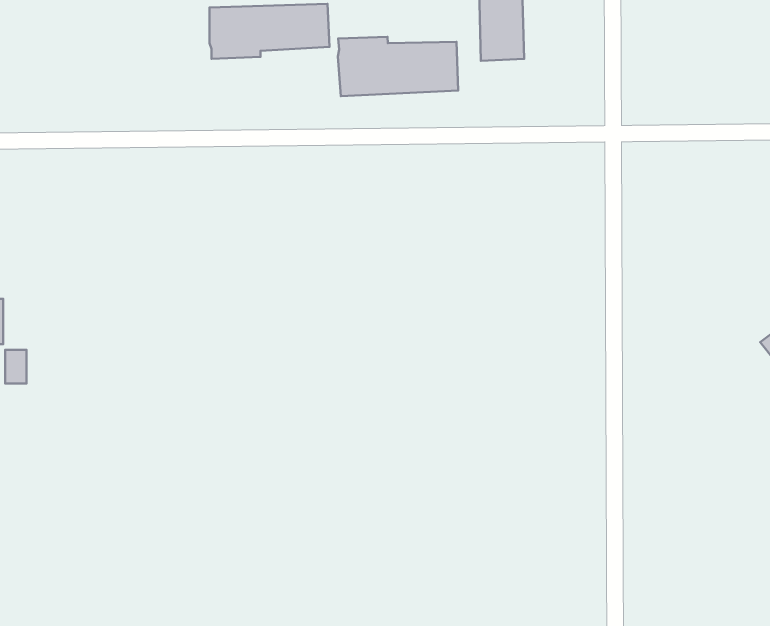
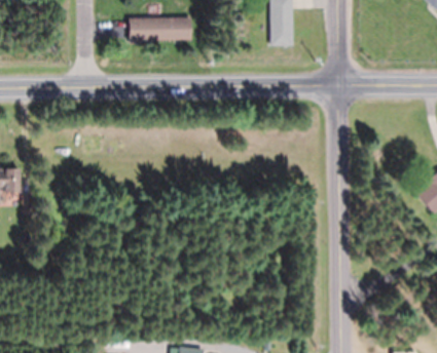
building: [338,37,458,96] -> none

